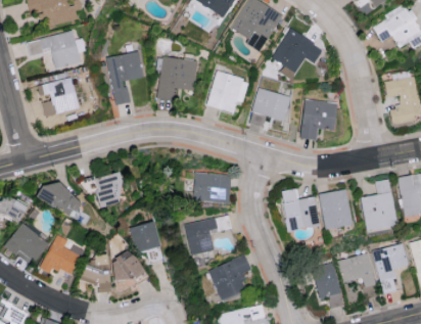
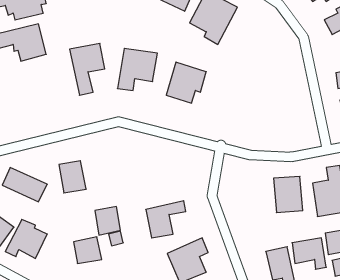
building: [273,29,323,73] -> none
building: [42,77,79,115] -> none
building: [251,88,291,121] -> none
building: [300,99,337,140] -> none
building: [194,173,231,203] -> none
building: [282,189,320,231] -> none
building: [81,254,110,293] -> none

